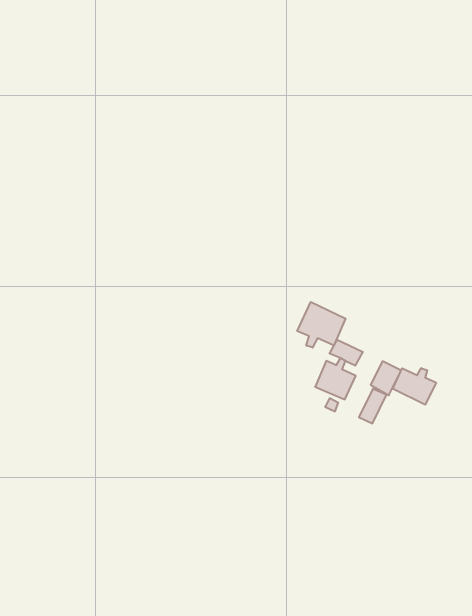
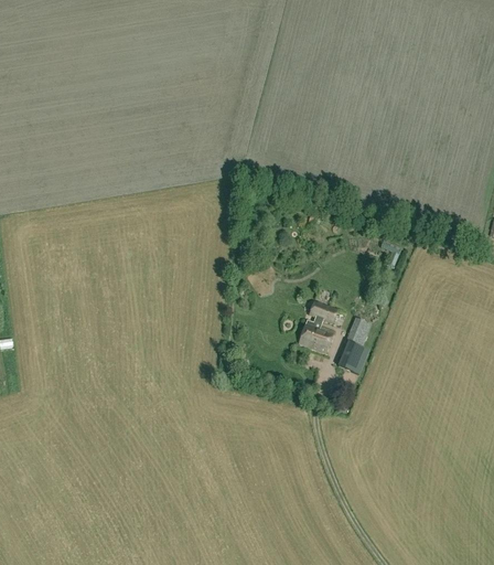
building: [297,302,345,348] -> none
building: [393,368,436,405] -> none

